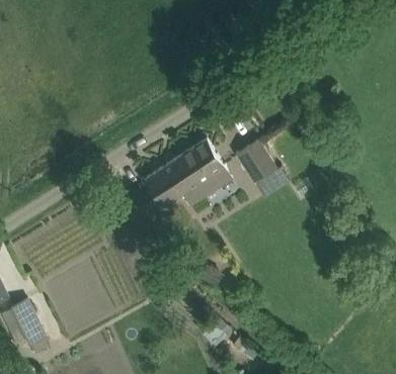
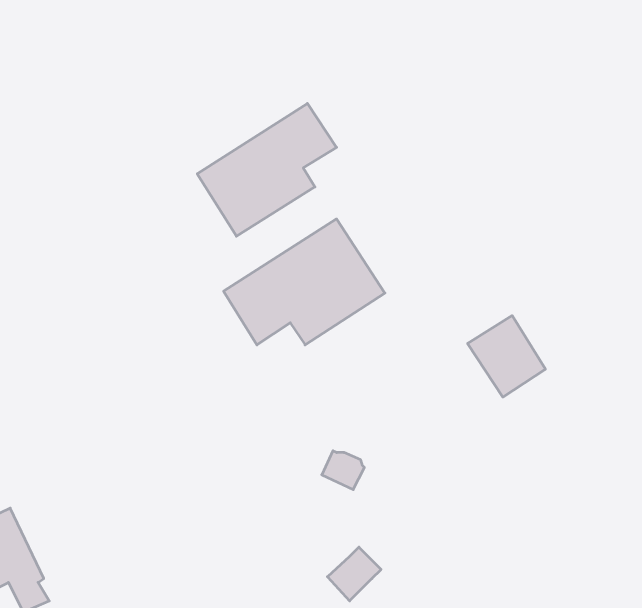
building: none -> [197,103,337,236]
building: [235,141,278,185] -> [468,316,545,397]

